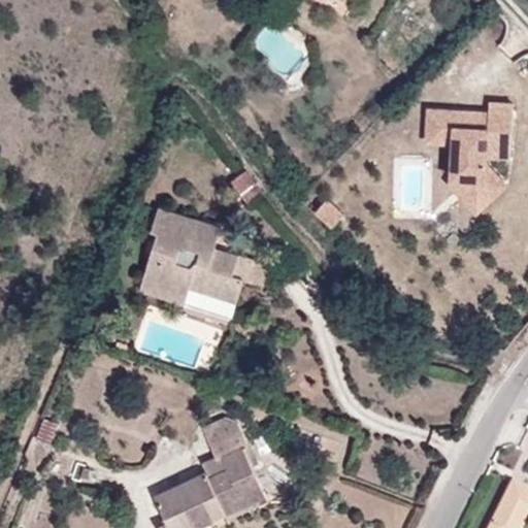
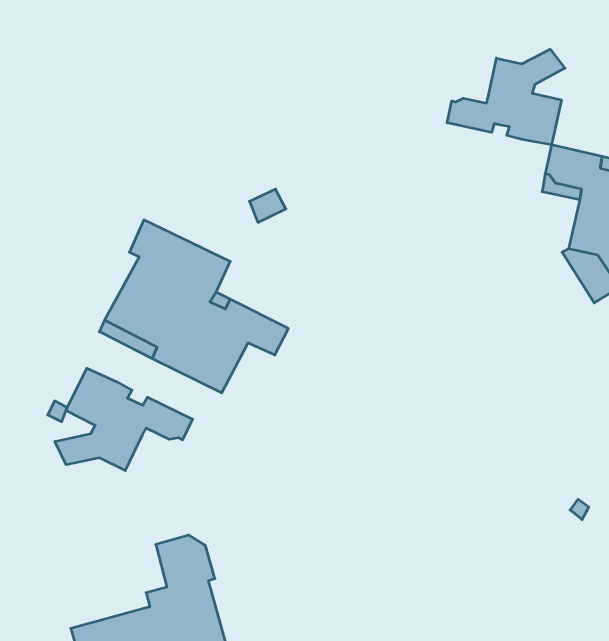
building: none -> [447,49,565,145]
building: none -> [55,368,193,471]

